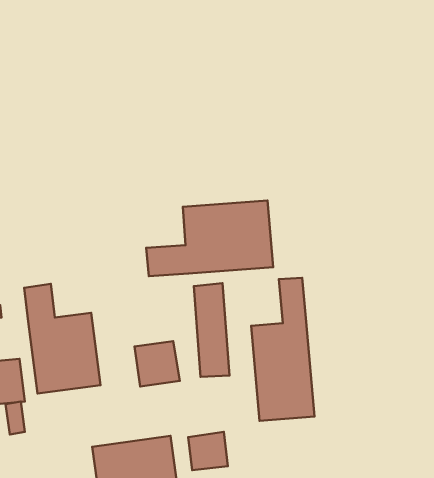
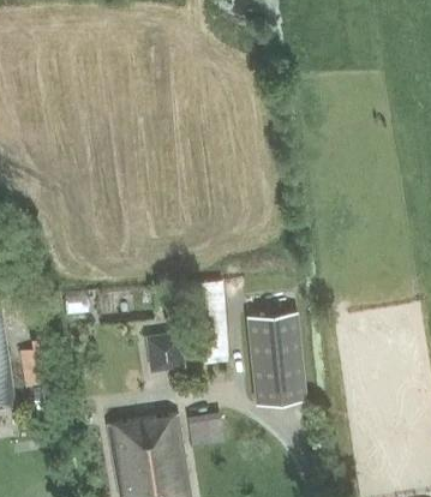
building: [146,201,273,276] -> none
building: [24,284,100,394] -> none

